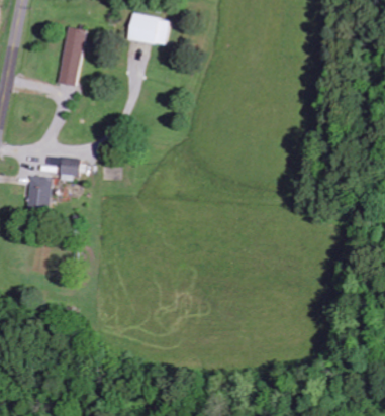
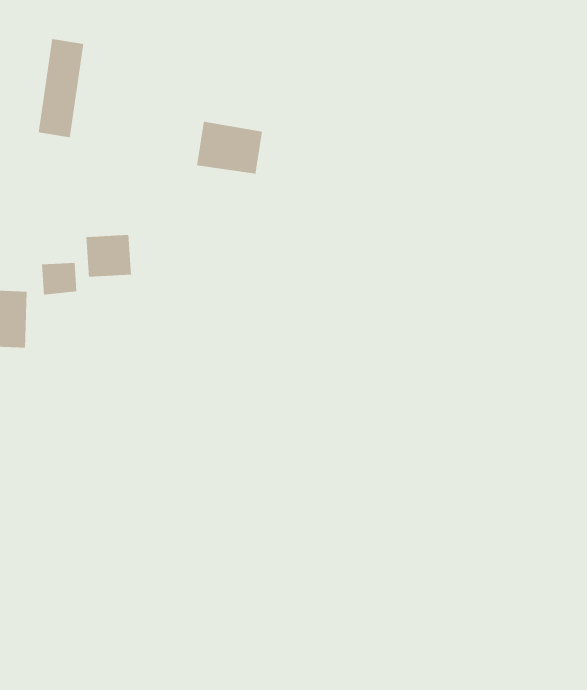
building: [128,12,168,43] -> [196,121,263,174]
building: none -> [86,234,132,277]

